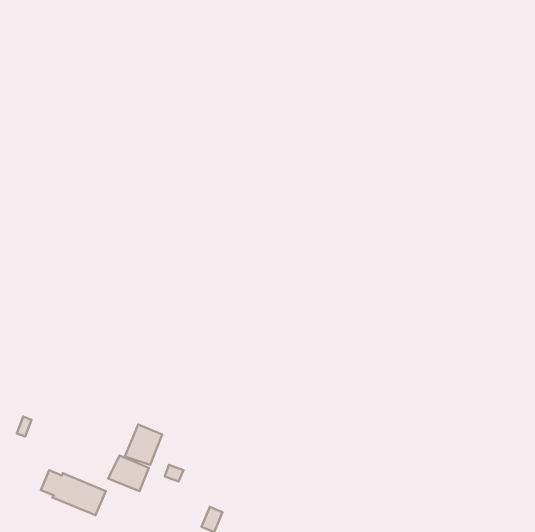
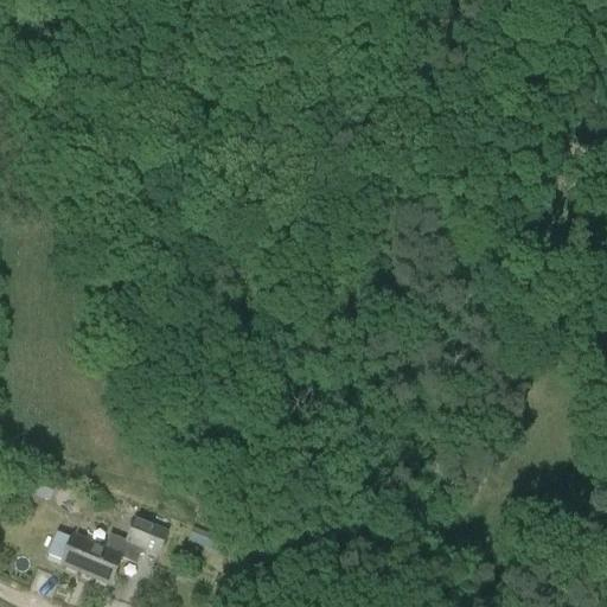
building: [125,425,162,465] -> none

